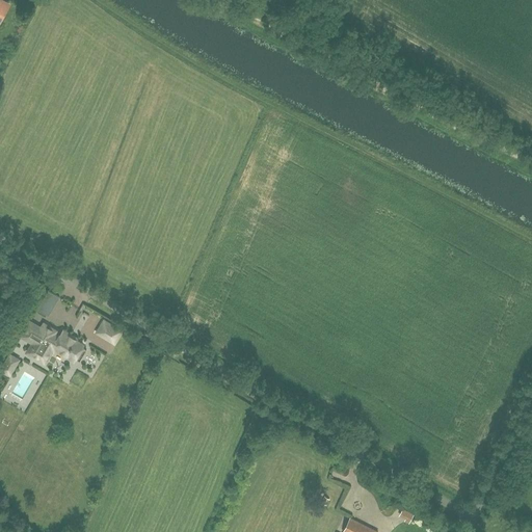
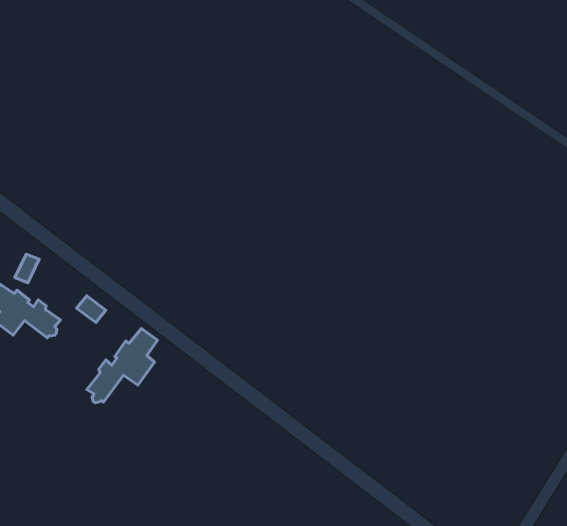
building: none -> [87,328,158,403]

